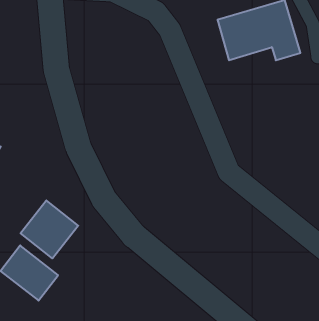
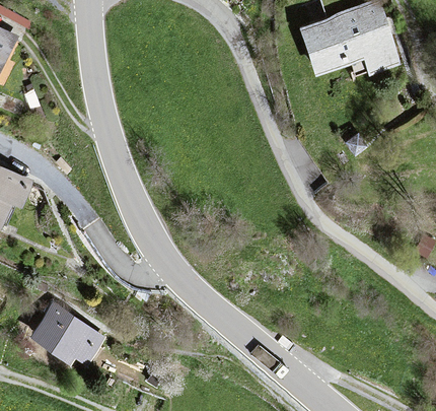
building: [21,200,78,258] -> none

